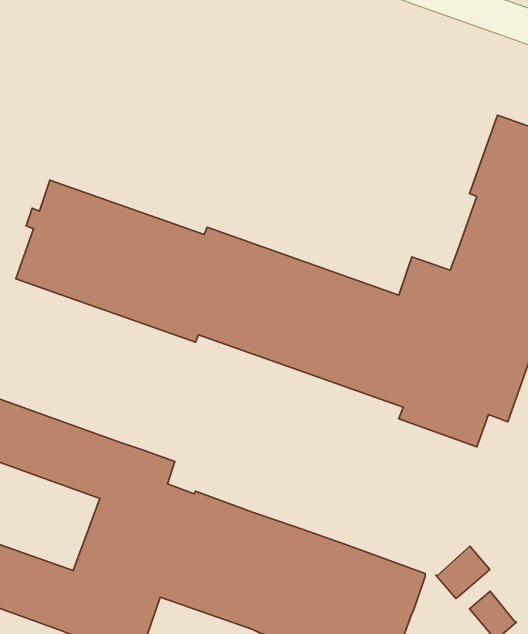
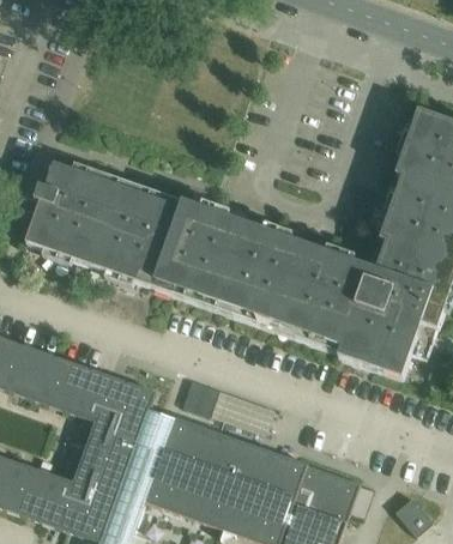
building: [436,546,490,599] -> none

